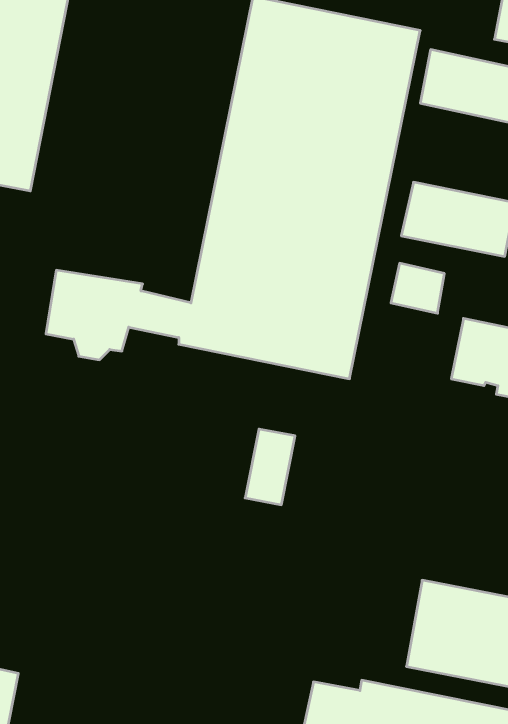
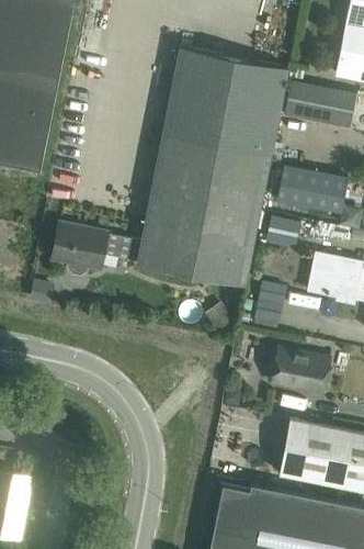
building: [245,429,295,505] -> [255,282,287,330]
building: none -> [270,348,329,393]

